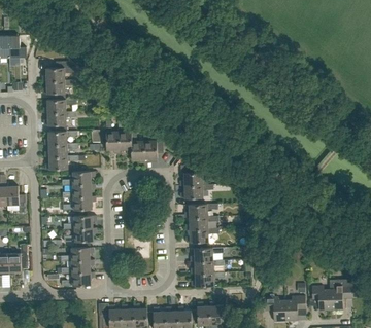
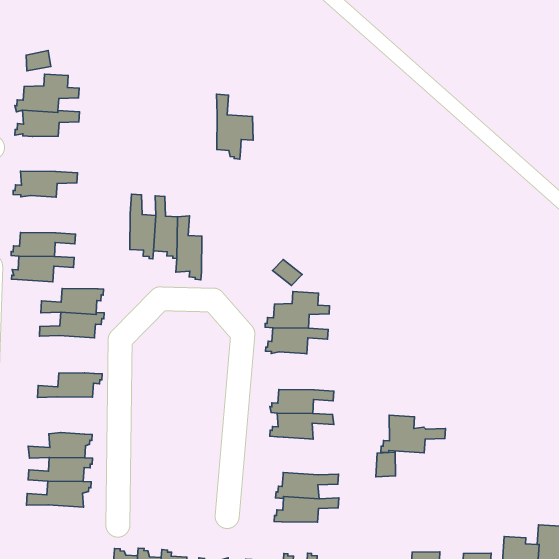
building: [43,93,75,112] -> none
building: [44,124,76,144] -> none
building: [142,130,163,162] -> [217,94,253,159]
building: [62,195,95,216] -> none
building: [184,197,217,217] -> none
building: [64,227,96,247] -> none
building: [190,242,223,261] -> [381,415,445,453]

